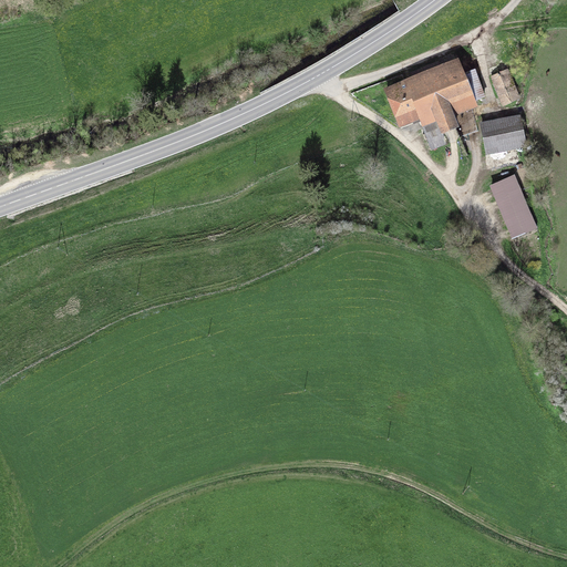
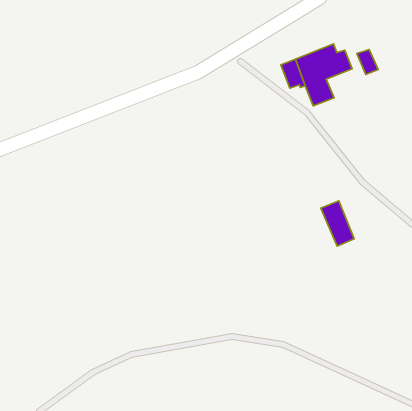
building: [480,115,523,150] -> none
building: [492,176,537,238] -> [321,201,354,246]

